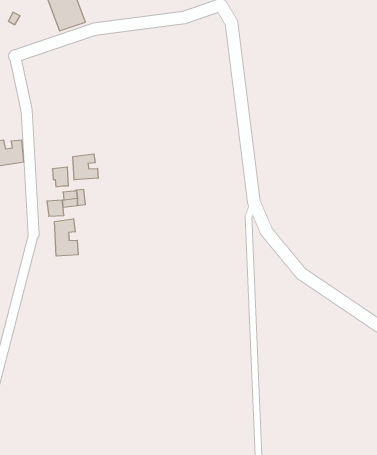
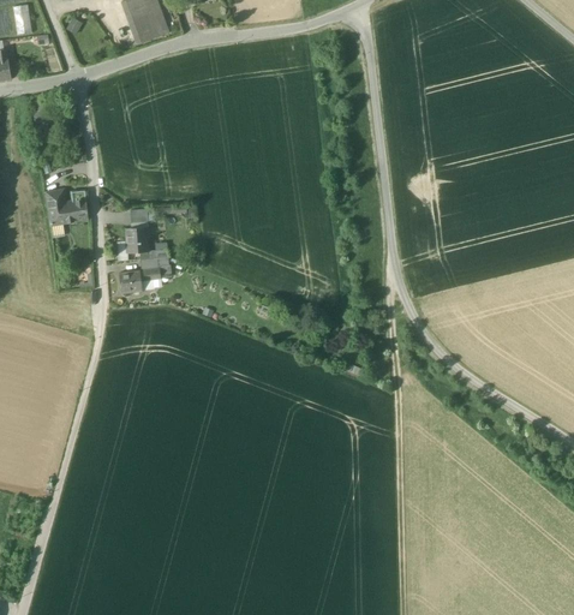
building: [73,154,98,180] -> none
building: [55,219,78,256] -> none

